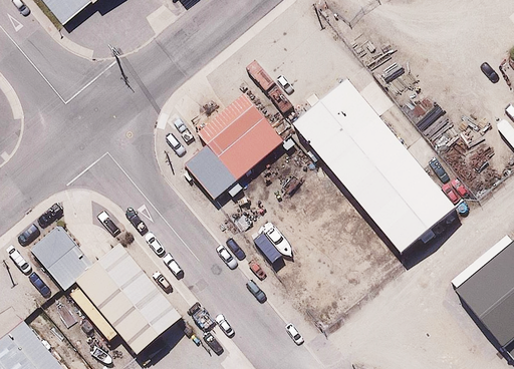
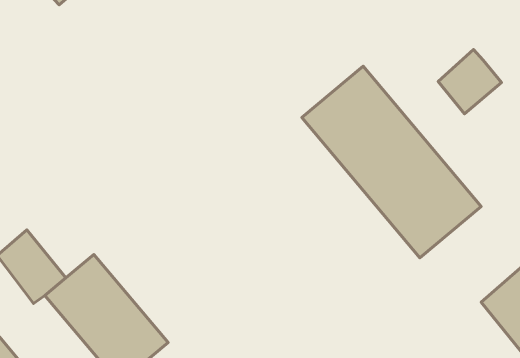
building: none -> [438,50,502,114]
building: [175,90,274,198] -> none

